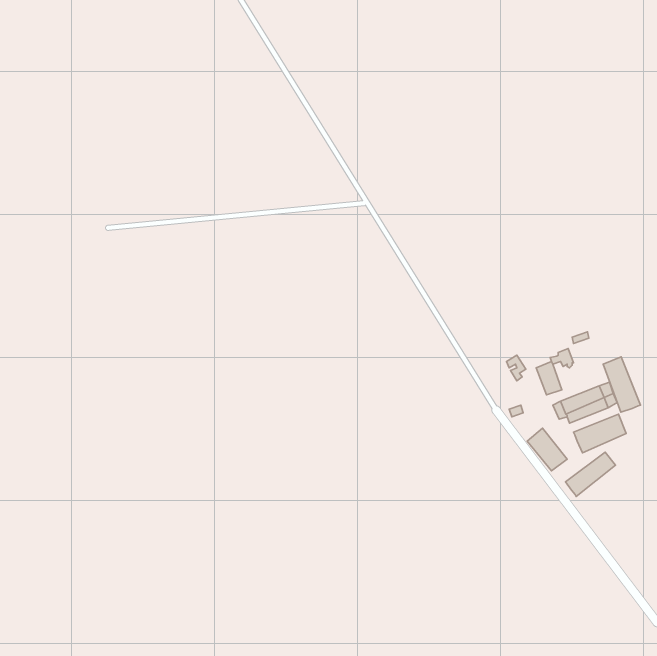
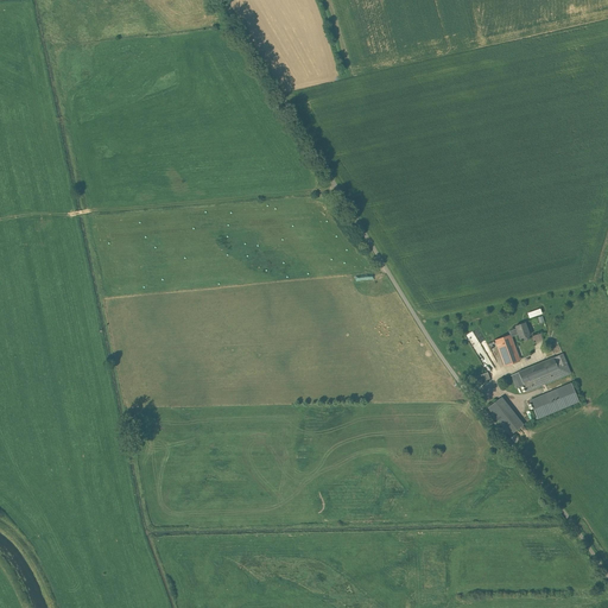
building: [603,357,641,412] -> none
building: [566,452,616,496] -> none

